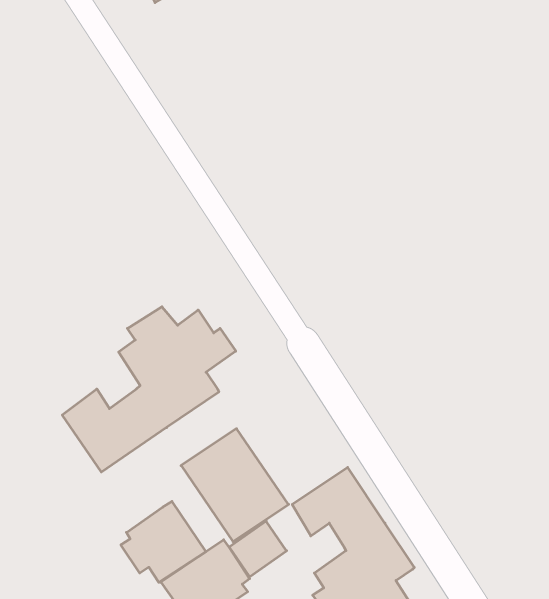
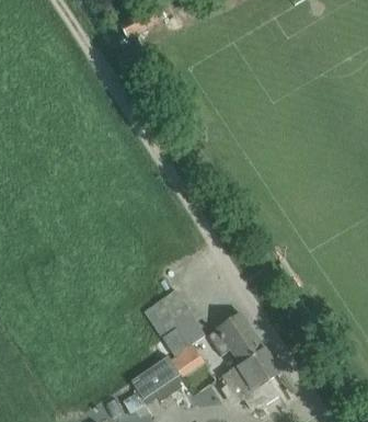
building: [62,307,236,472] -> none
building: [121,501,206,582] -> none

